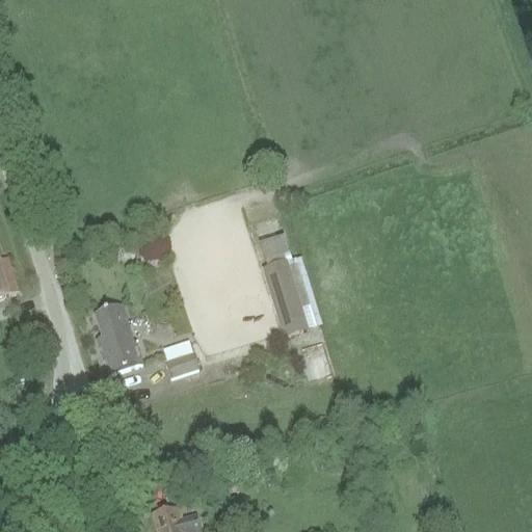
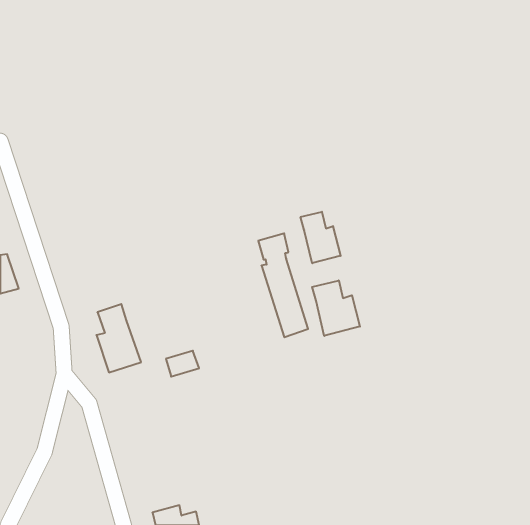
building: none -> [301,212,341,263]
building: none -> [312,280,360,336]

